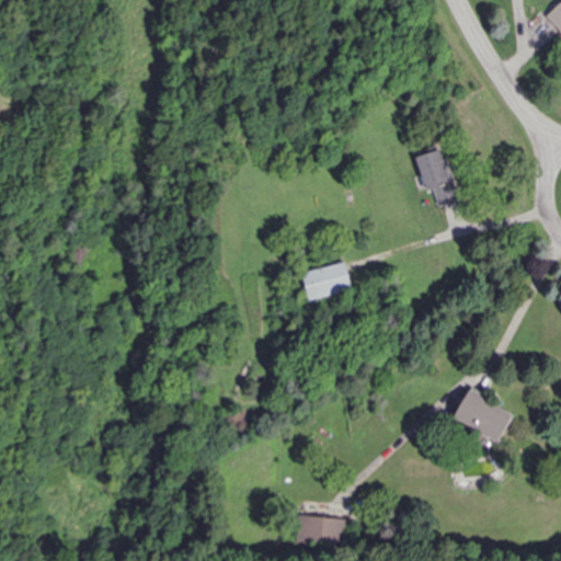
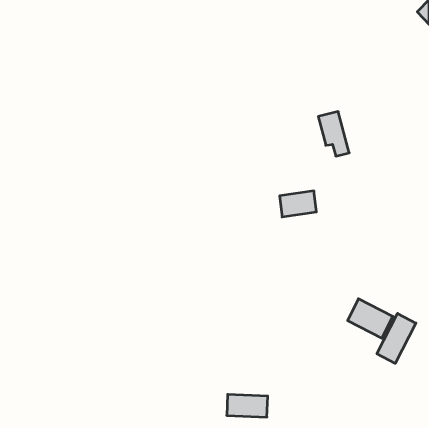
building: [302,263,351,297] -> [280,191,316,217]
building: none -> [377,313,416,363]

